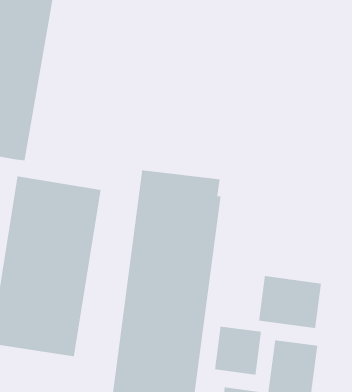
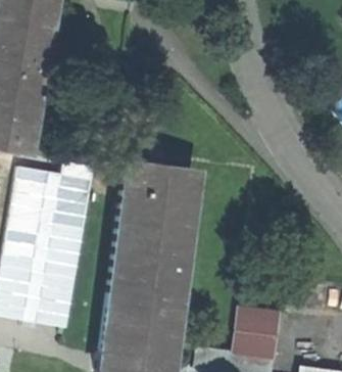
building: [258,275,322,329] -> none
building: [214,326,262,375] -> none

